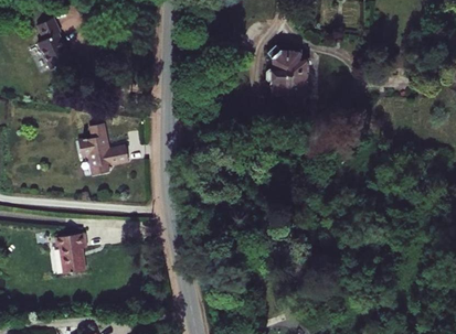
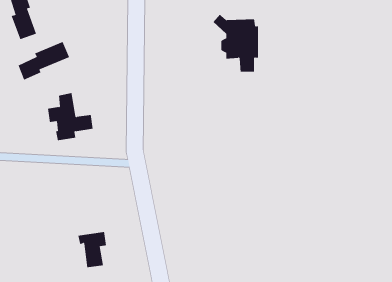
building: none -> [18,41,70,81]
building: [53,233,85,272] -> [77,231,107,268]

